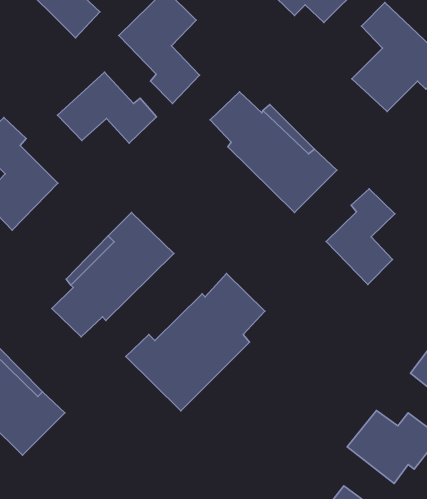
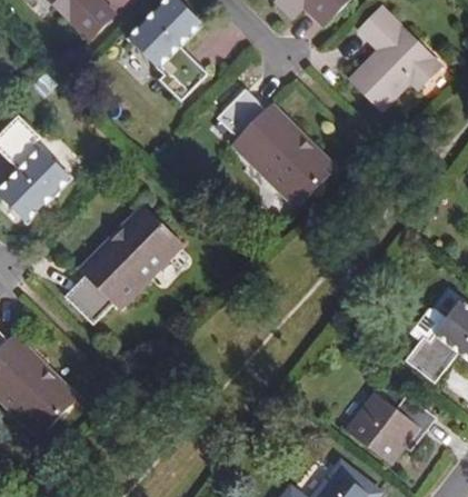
building: [57,72,156,143] -> none
building: [326,189,395,285] -> none
building: [126,273,265,411] -> none

